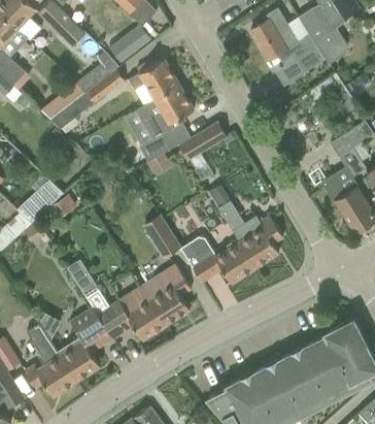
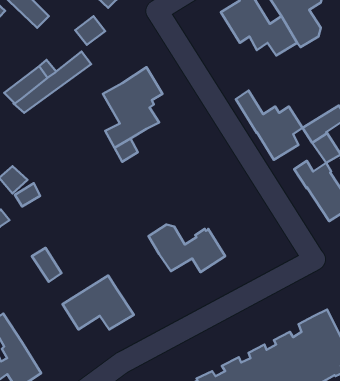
building: [130,59,178,99] -> none
building: [178,121,227,160] -> none
building: [217,200,282,267] -> [236,91,303,160]
building: [144,216,179,257] -> none
building: [141,265,190,324] -> none
building: [58,306,112,381] -> none

